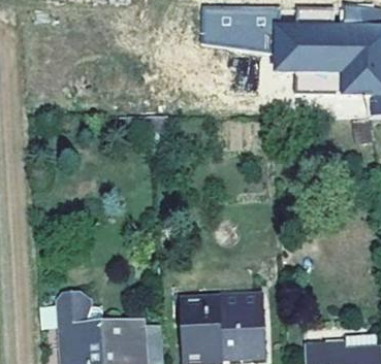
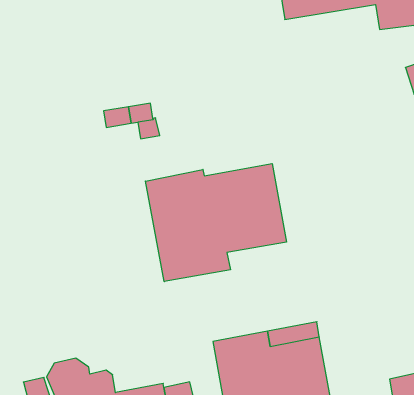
building: none -> [145,164,286,282]

